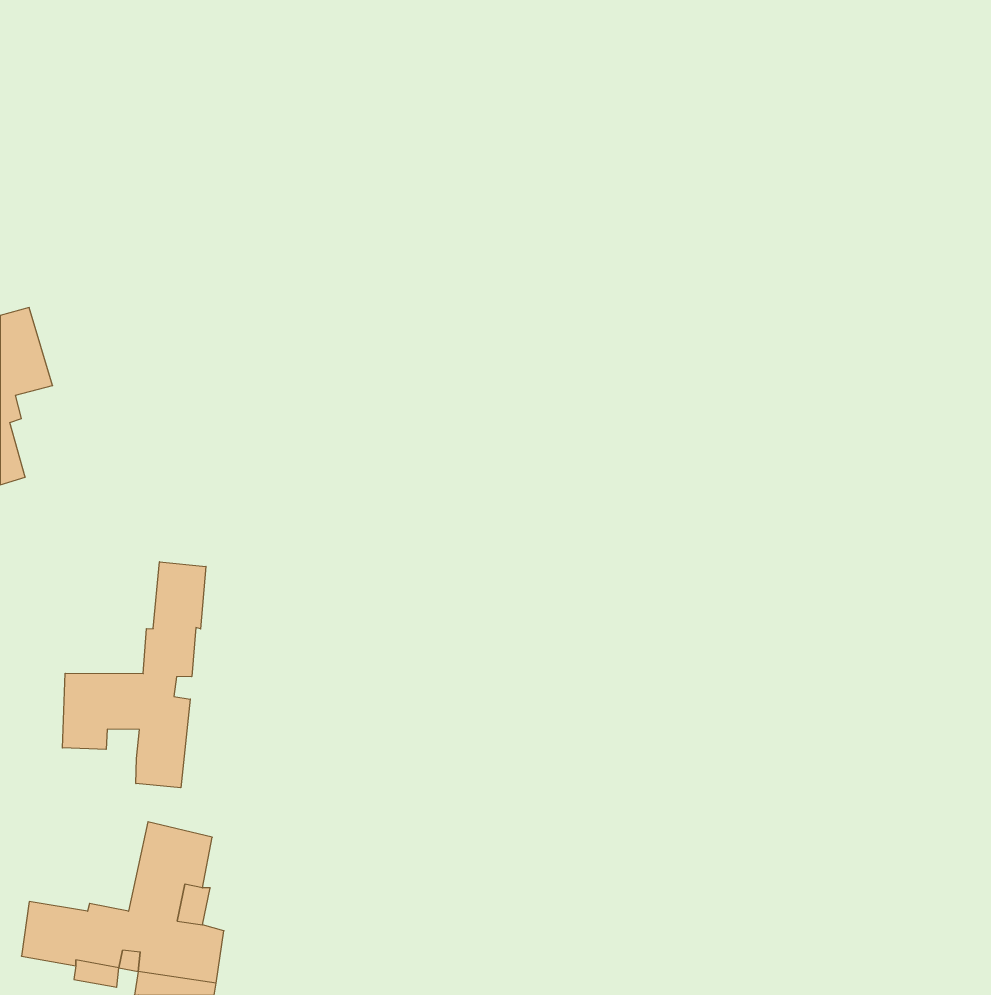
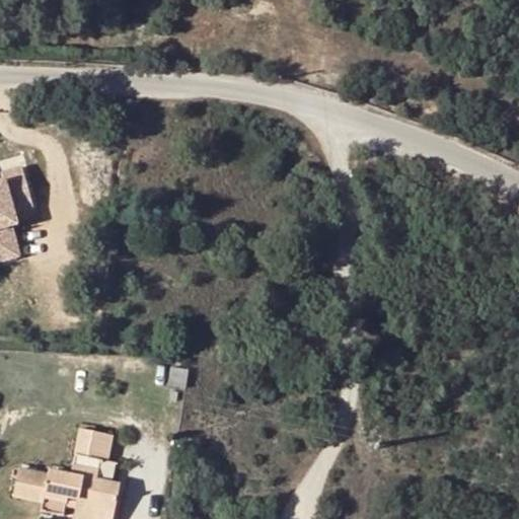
building: [62,562,206,788] -> none

